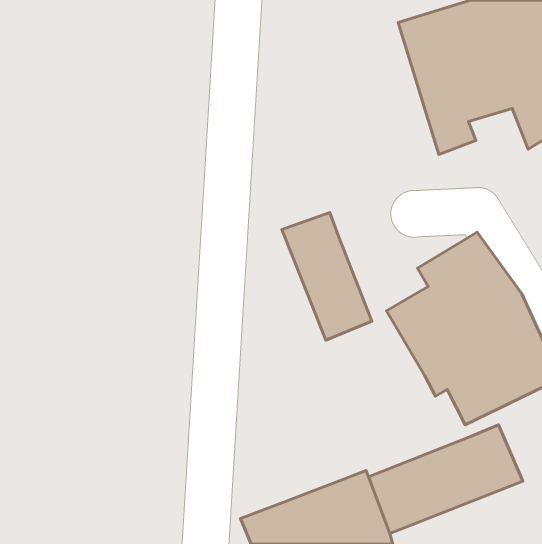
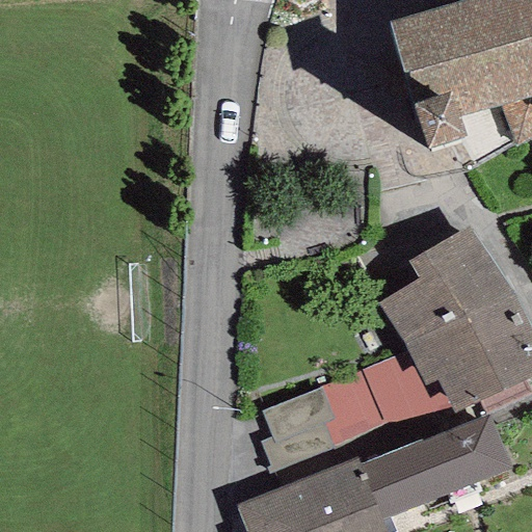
building: [282,213,372,340] -> none
building: none -> [261,357,461,489]

